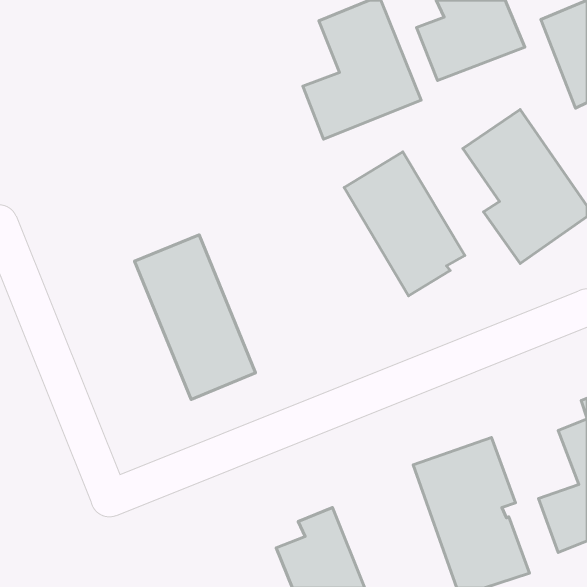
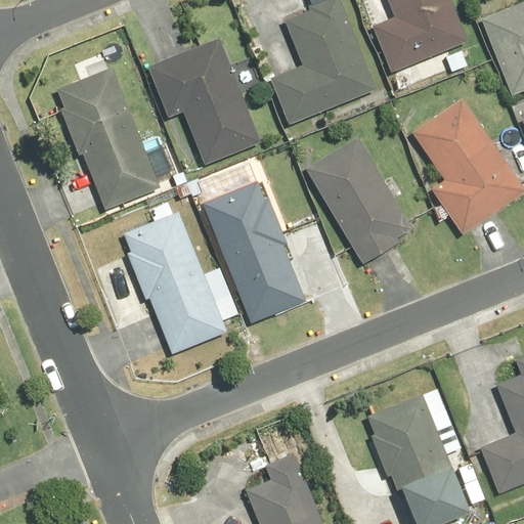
building: none -> [147,38,261,165]
building: none -> [56,67,160,209]
building: none -> [202,179,310,325]

